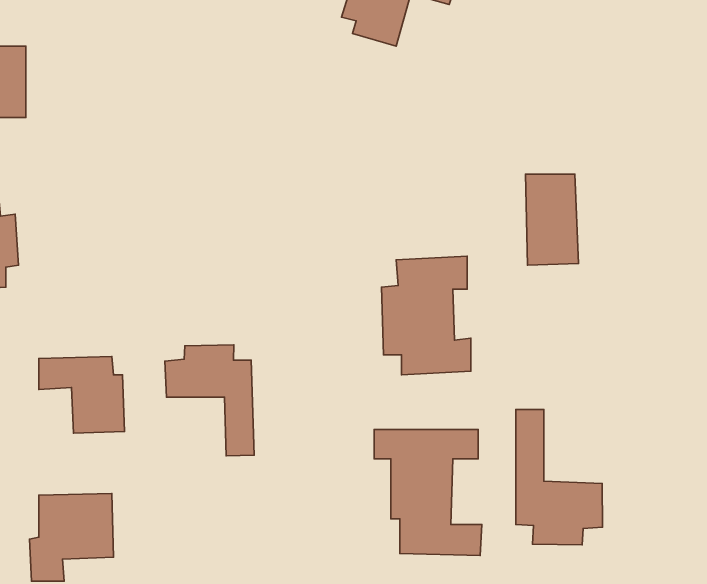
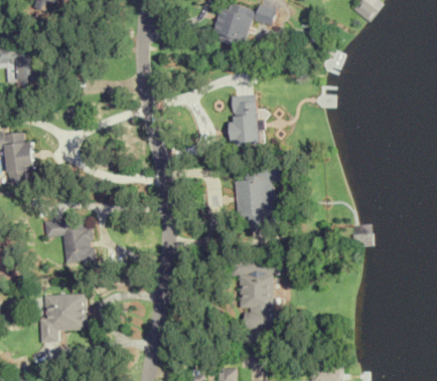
building: [526,174,578,265] -> [231,94,260,145]
building: [165,345,254,456] -> none
building: [516,409,602,545] -> none

